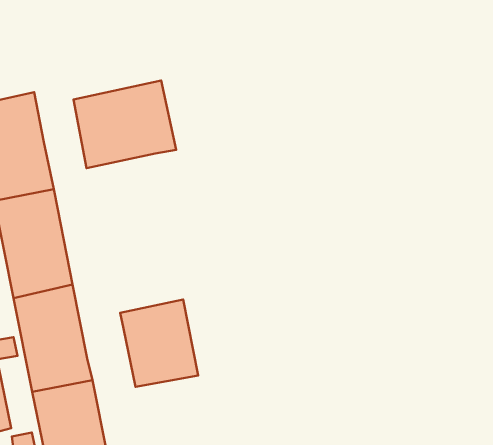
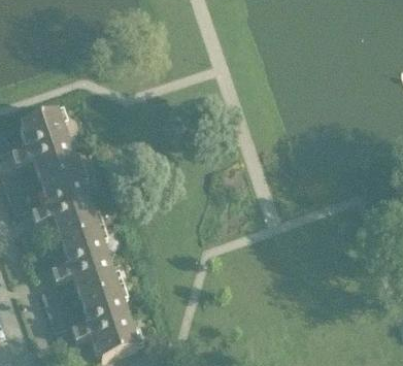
building: [73,80,176,168] -> none
building: [120,300,198,387] -> none

